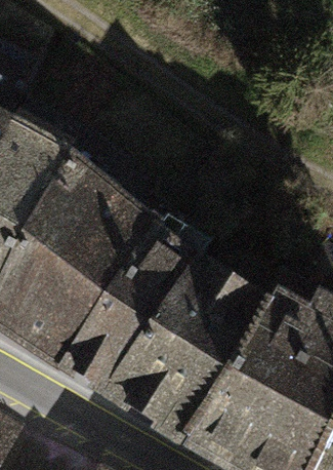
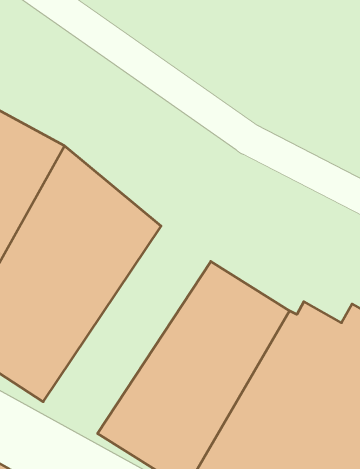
building: [53,213,199,394] -> none

